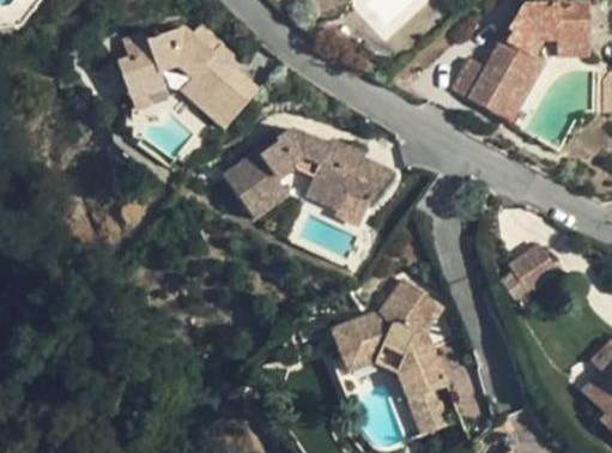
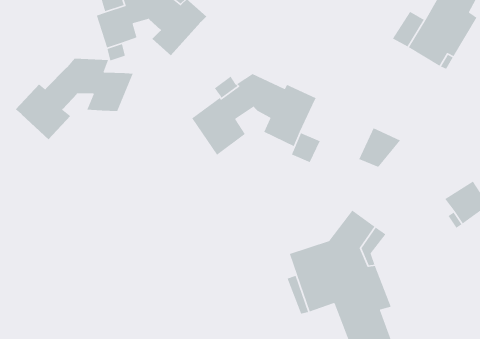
building: [202,70,259,127] -> none
building: none -> [15,58,134,140]
building: [347,156,395,201] -> [358,127,401,168]

